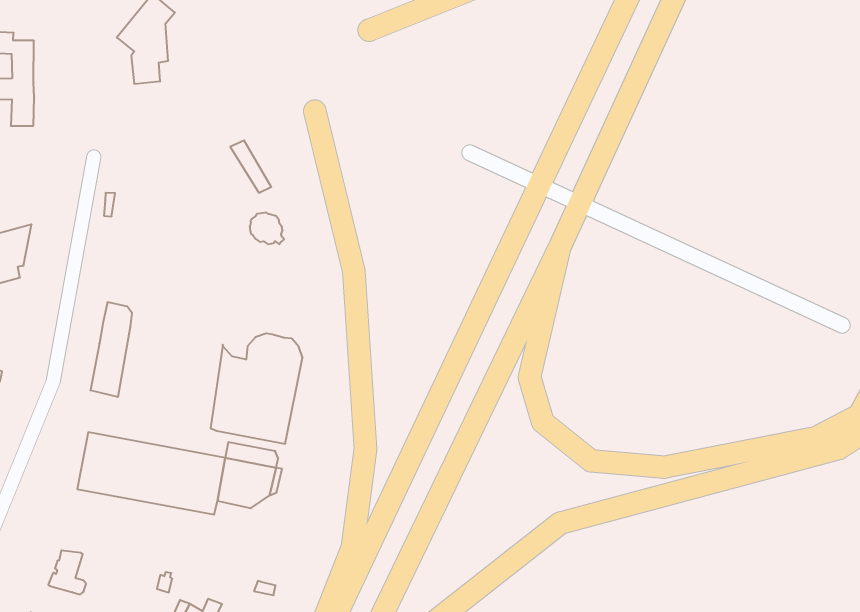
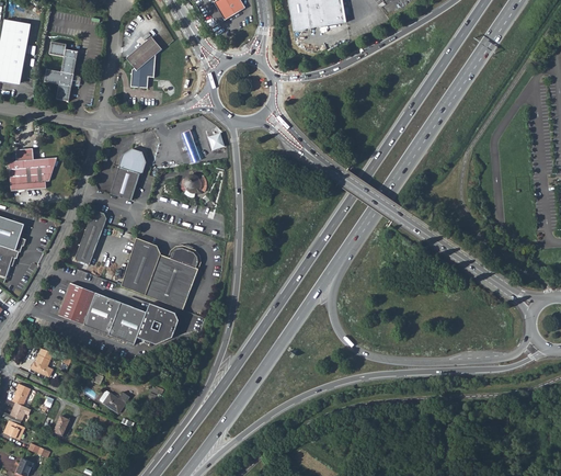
building: none -> [107,149,144,201]
building: none -> [119,239,156,294]

